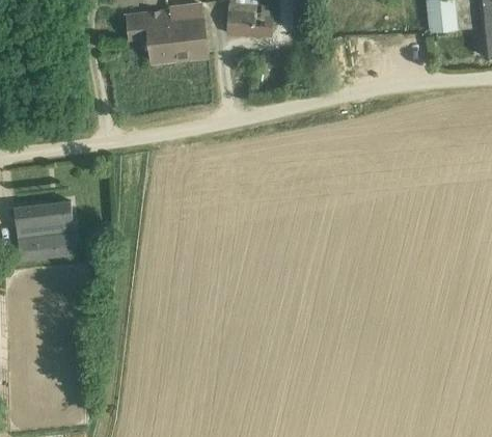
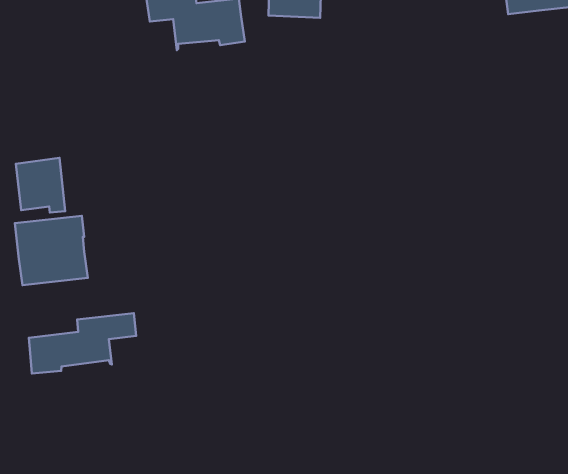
building: none -> [16,158,65,212]
building: none -> [29,313,136,374]

